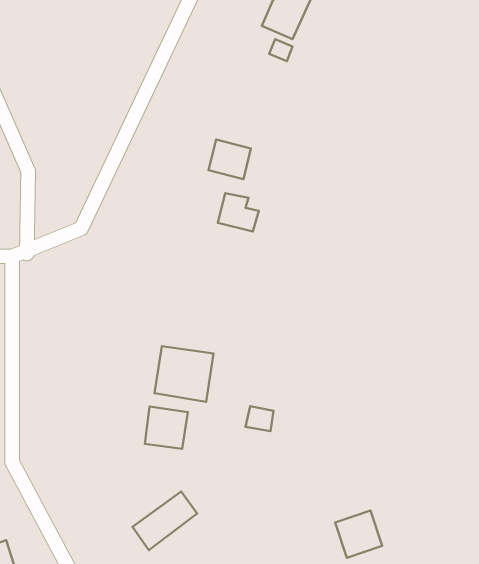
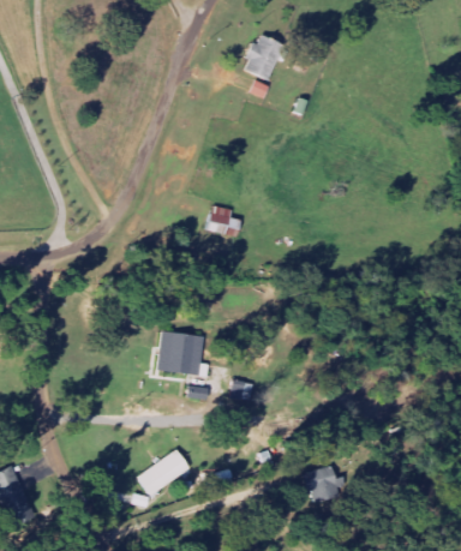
building: [208,140,251,179] -> none
building: [145,406,188,449] -> none

